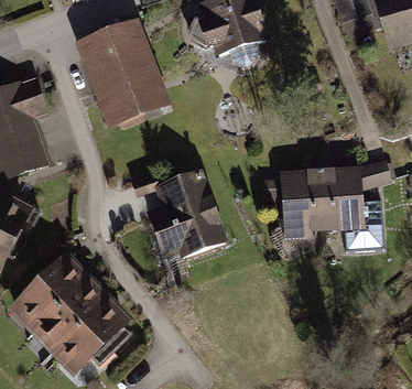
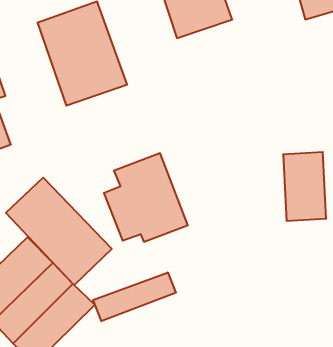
building: [280,170,325,238] -> none
building: none -> [6,178,112,285]
building: none -> [93,272,176,321]

